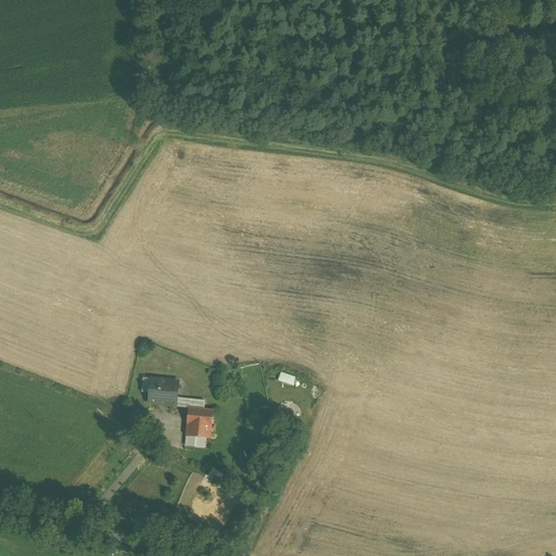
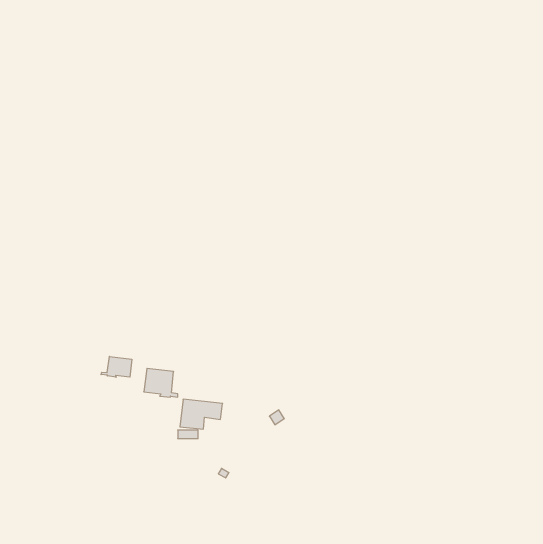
building: none -> [101,356,132,377]

